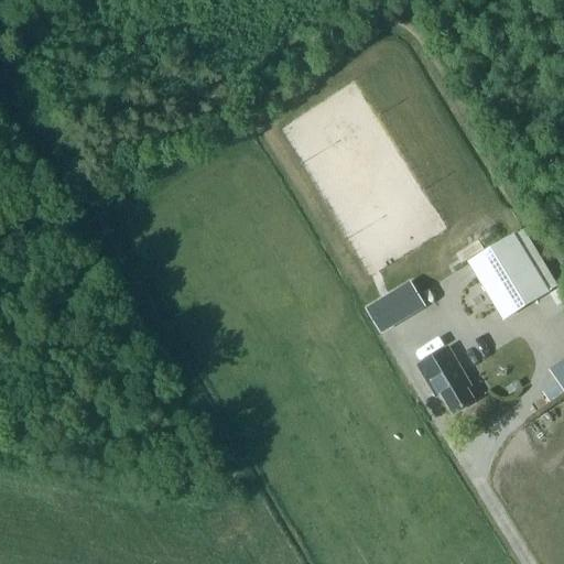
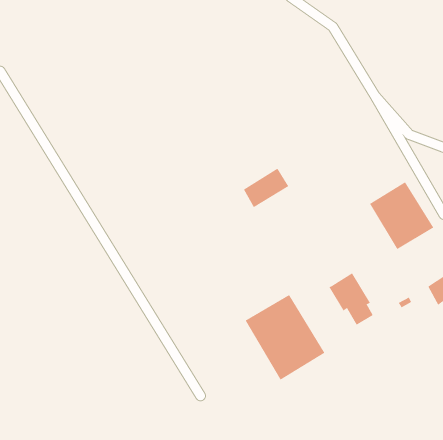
building: [367,280,425,330] -> [243,168,289,208]
building: none -> [245,294,325,380]

